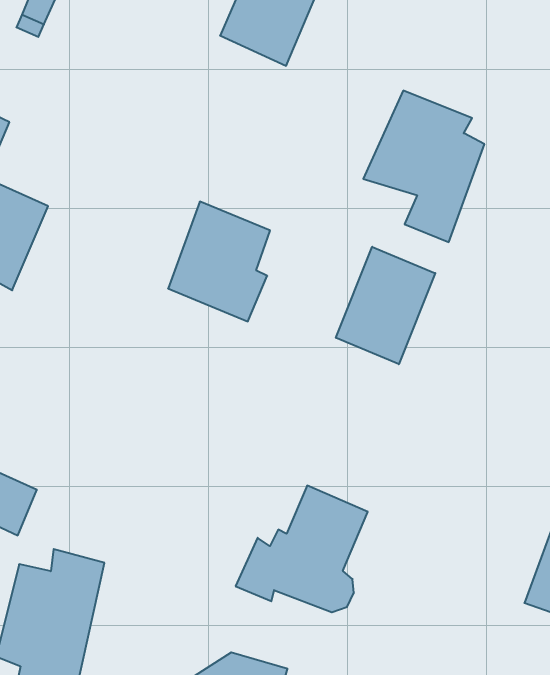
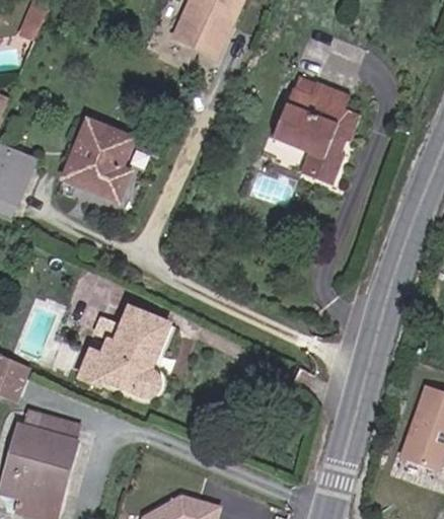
building: [168,202,270,321] -> [62,118,137,206]
building: [336,247,435,364] -> none
building: [236,486,368,612] -> [74,308,171,401]

